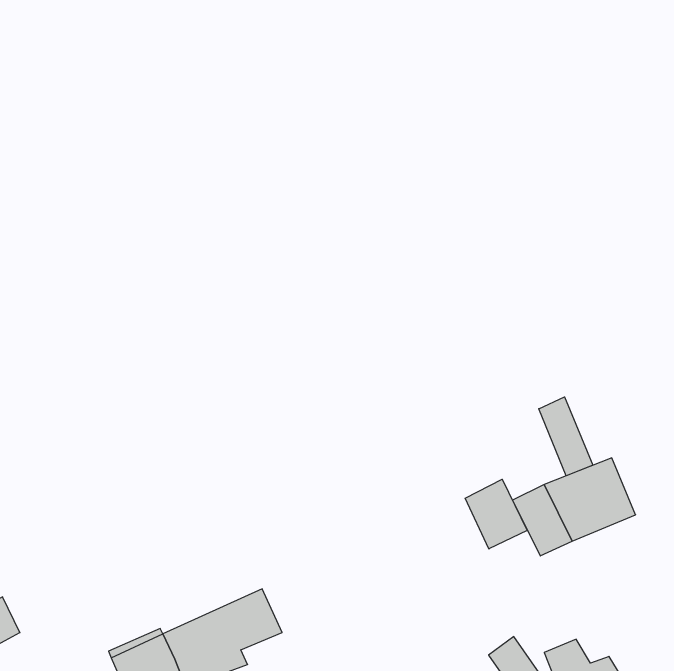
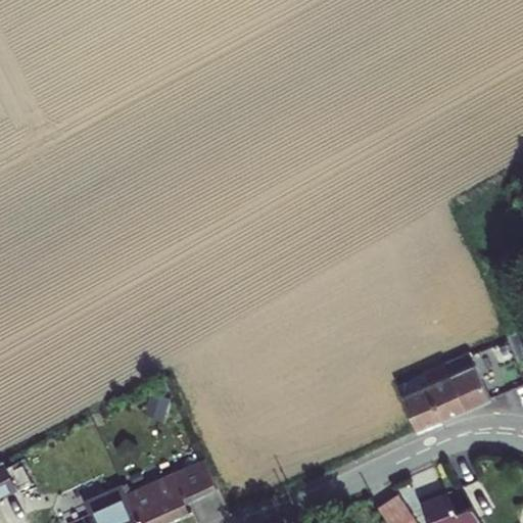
building: [539,397,593,476] -> none
building: [465,479,527,549] -> none

